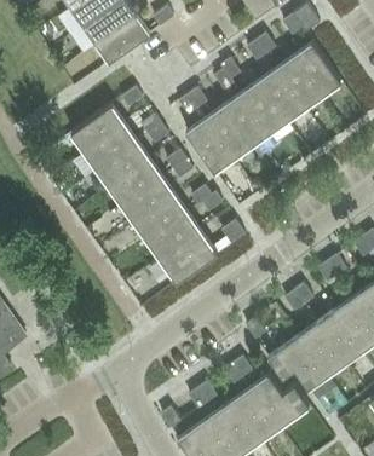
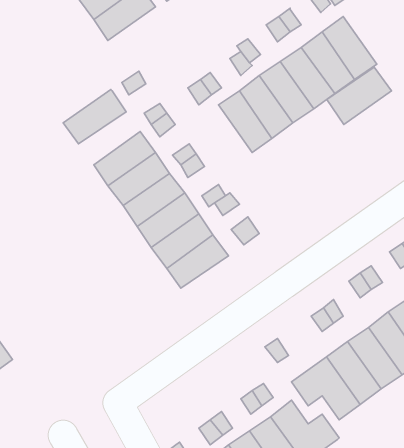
building: none -> [327,67,392,125]
building: [185,119,234,173] -> none
building: [84,125,137,171] -> none

